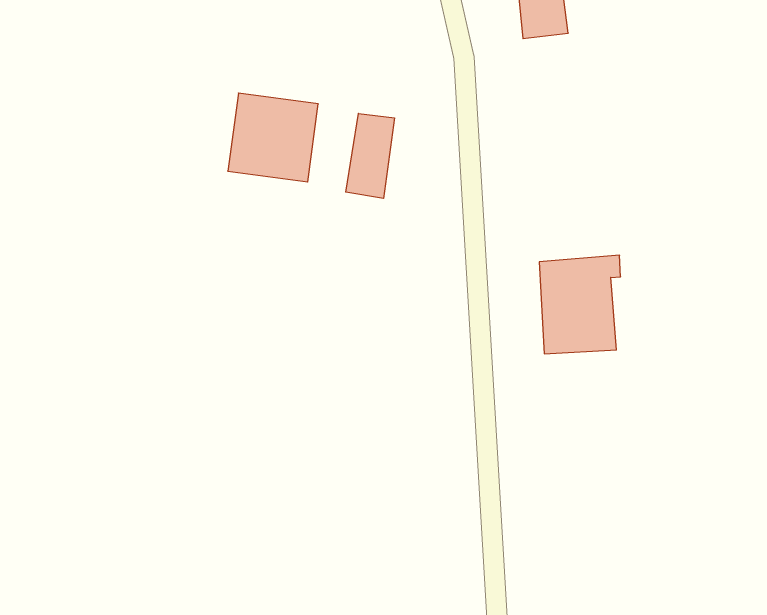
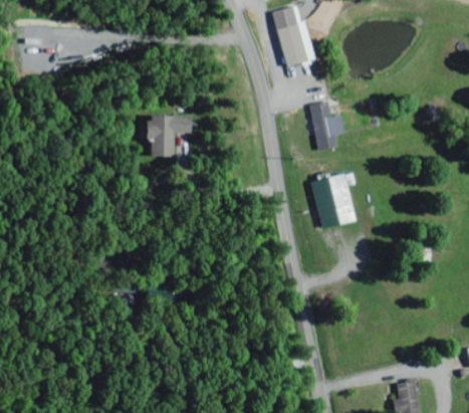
building: none -> [309,99,345,150]
building: [346,113,394,198] -> none

